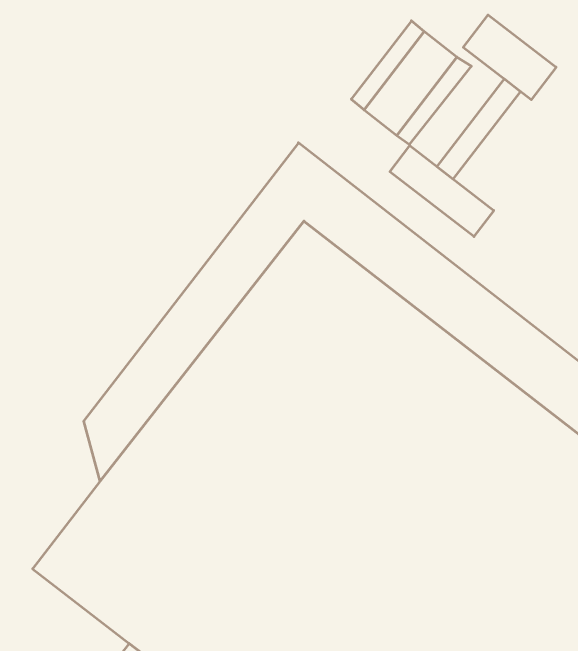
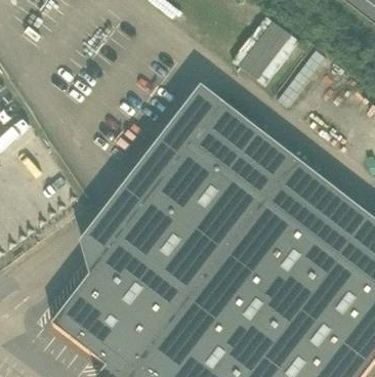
building: [463,15,556,100] -> none
building: [390,146,494,237] -> none

